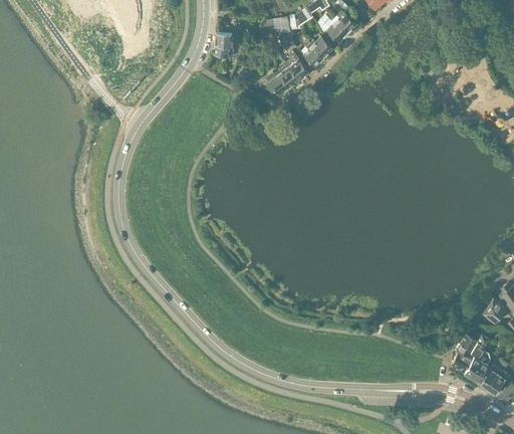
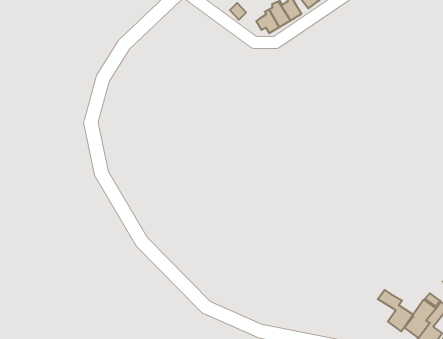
building: none -> [378,290,413,331]

